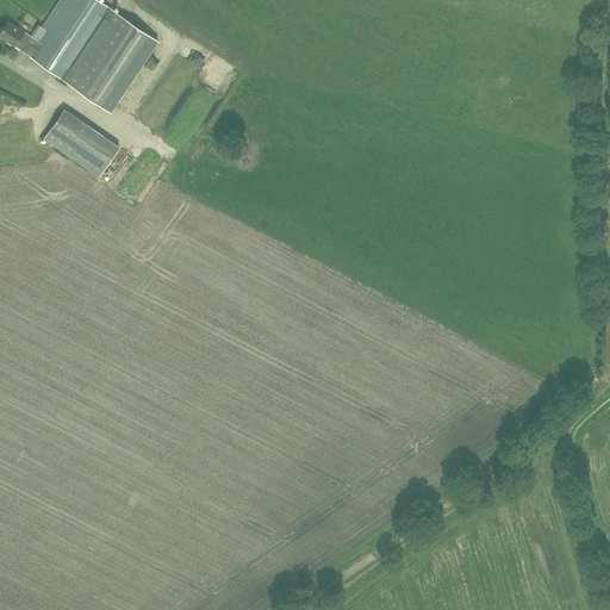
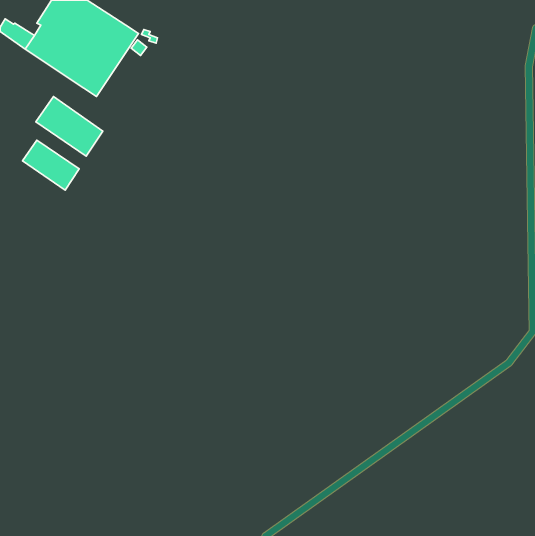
building: none -> [22,140,79,190]

